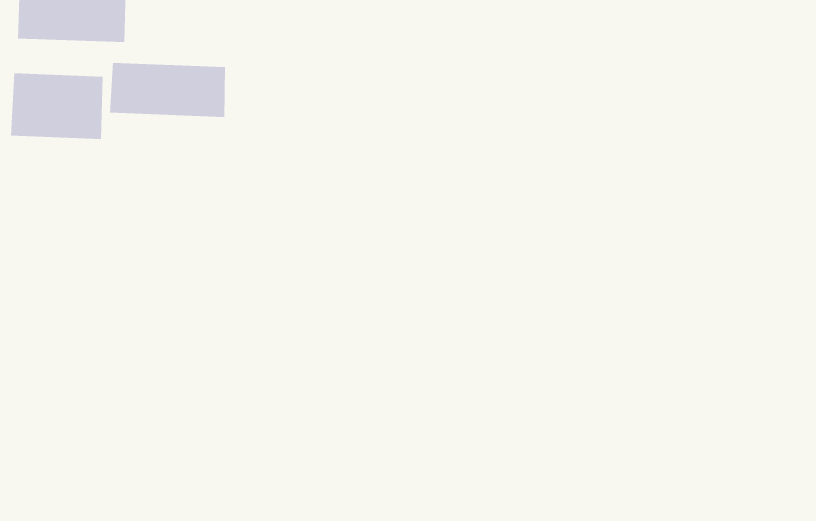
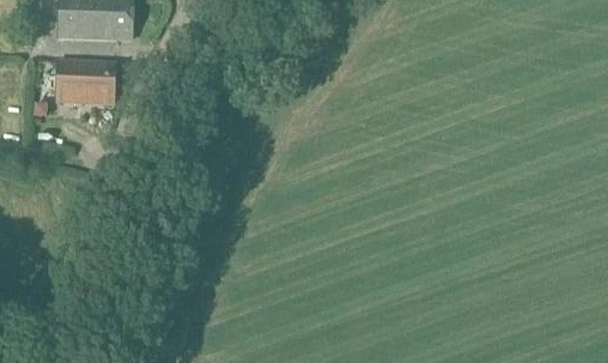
building: [110,62,226,118] -> none

